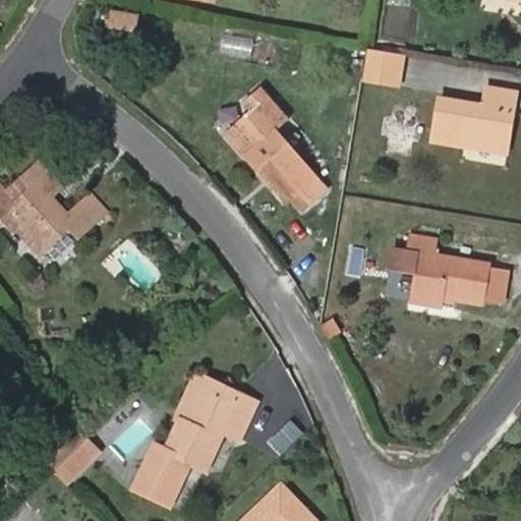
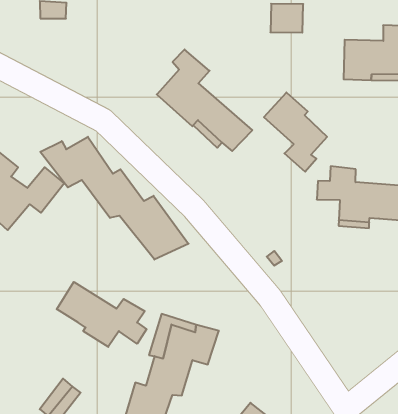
building: none -> [264,92,327,172]
building: none -> [40,137,189,260]
building: none -> [57,282,147,347]

